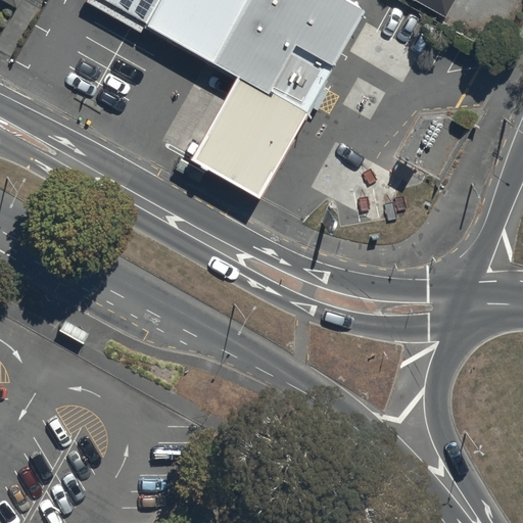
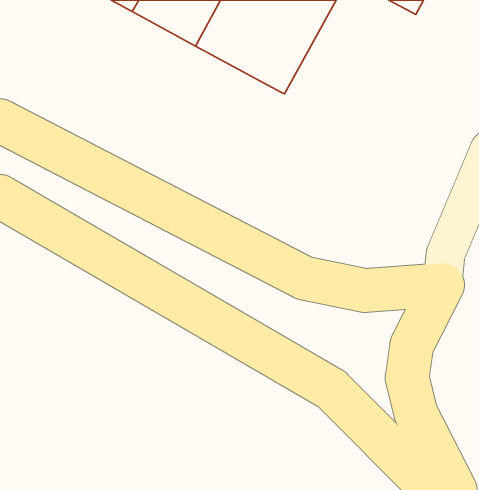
building: [193,61,311,187] -> none

